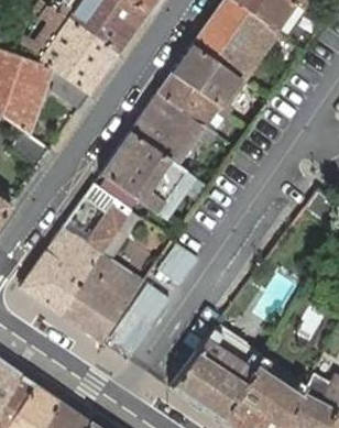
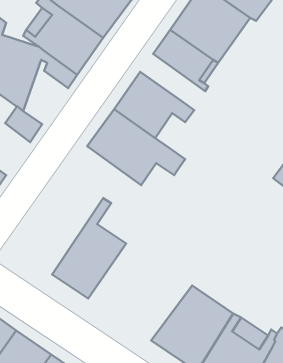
building: [158,72,230,124] -> none
building: [21,182,132,314] -> none

